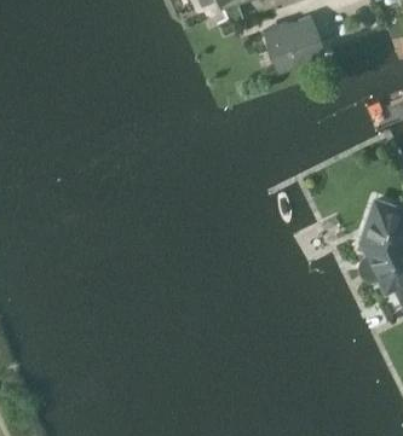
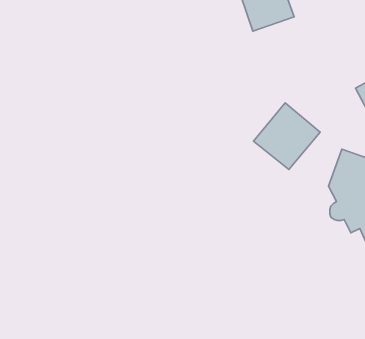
building: none -> [254,103,320,169]

